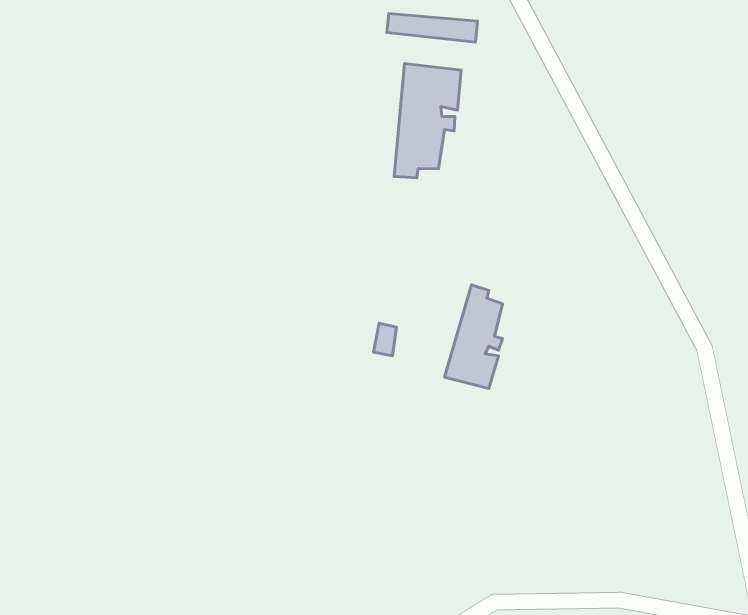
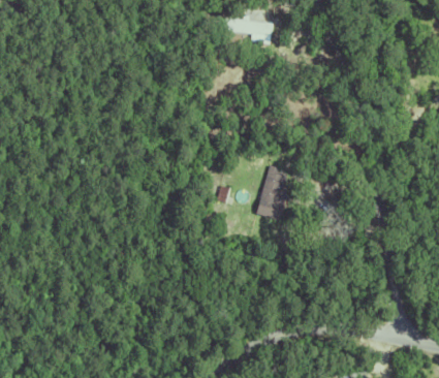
building: [394,63,461,178] -> none

